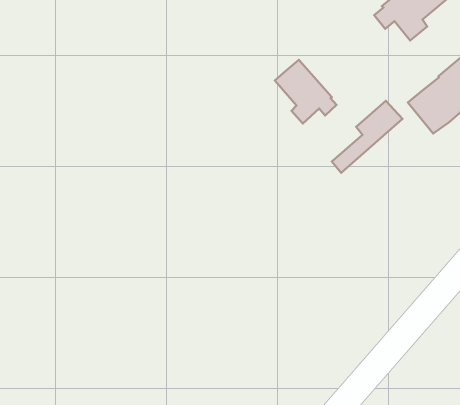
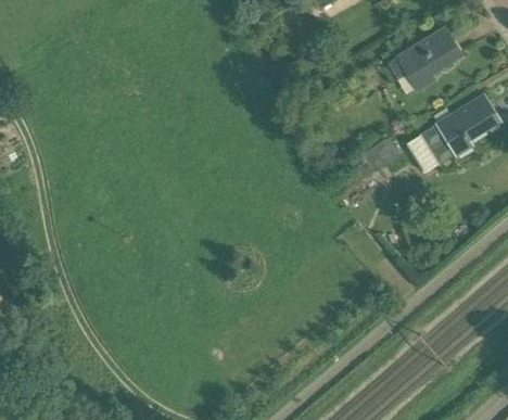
building: [275,60,337,123] -> none

